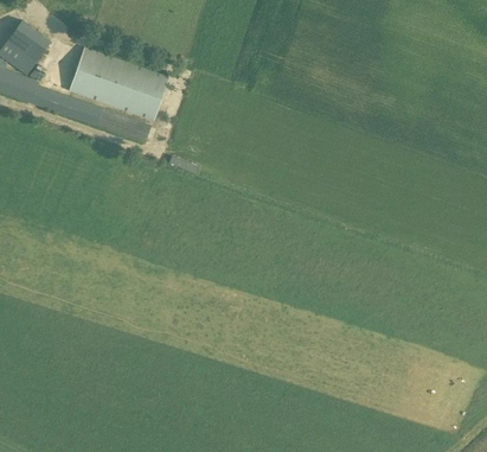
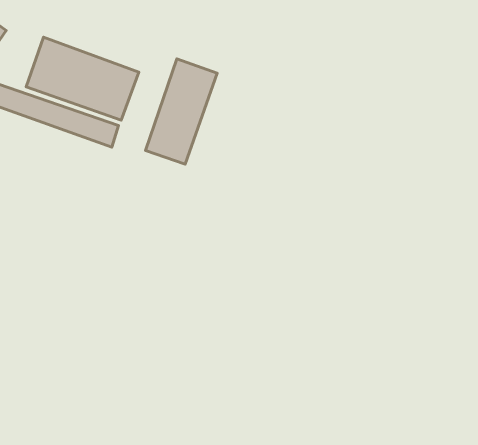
building: none -> [146,59,217,164]

